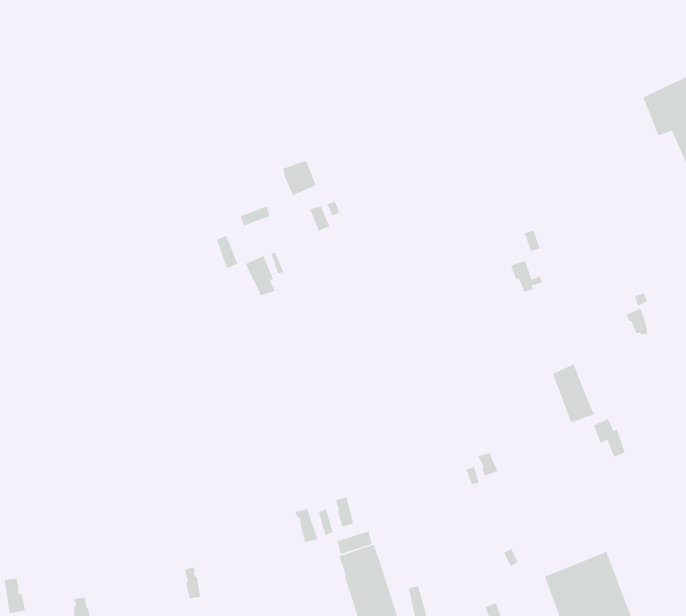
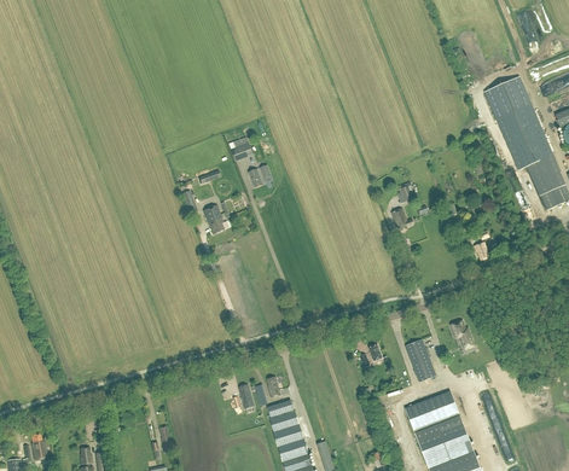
building: [552,364,595,423] -> [405,339,435,382]
building: none -> [405,390,458,431]

